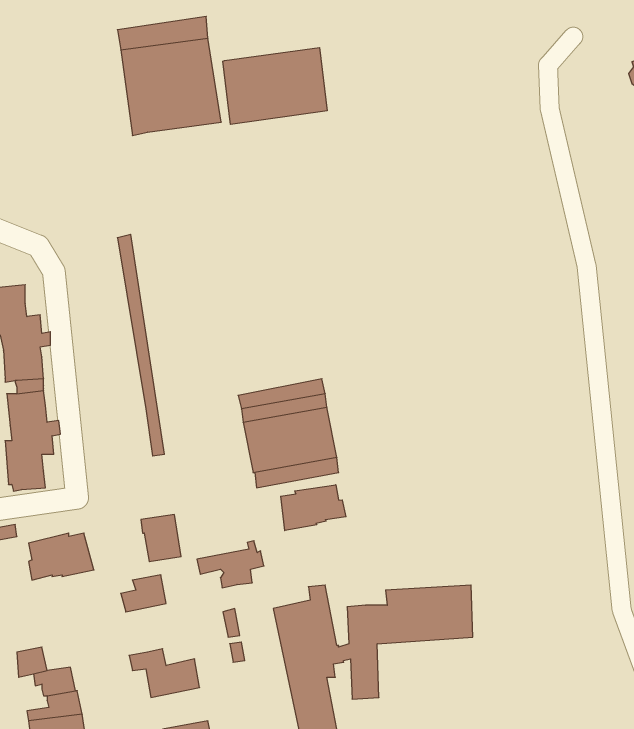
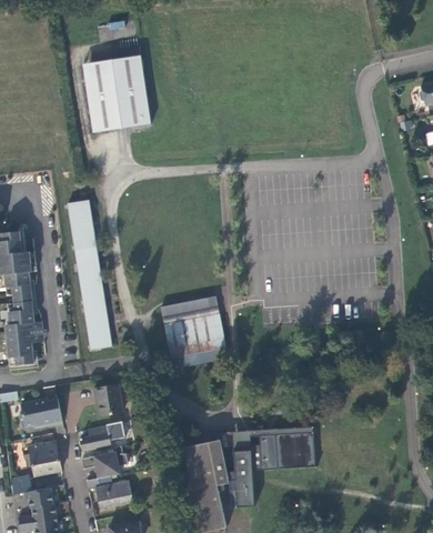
building: [223,48,327,124] -> none
building: none -> [64,201,103,349]
building: [281,485,346,531] -> none
building: [197,541,264,588] -> [83,444,128,475]
building: none -> [23,439,63,473]

